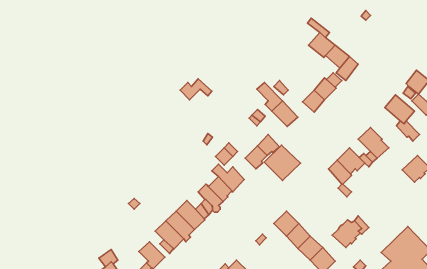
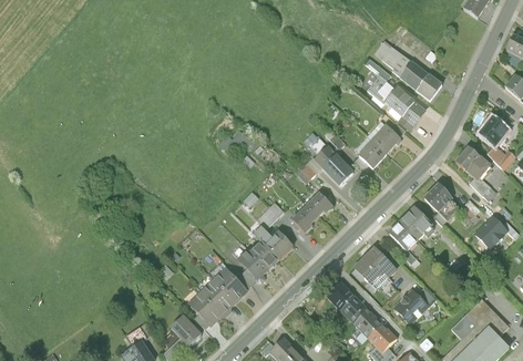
building: none -> [380,44,441,100]
building: [264,145,301,181] -> [355,247,397,288]

